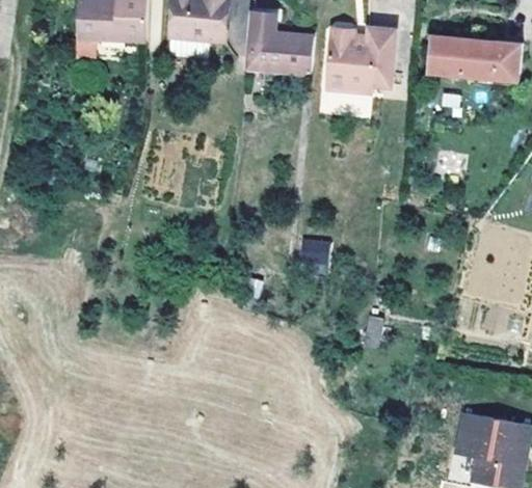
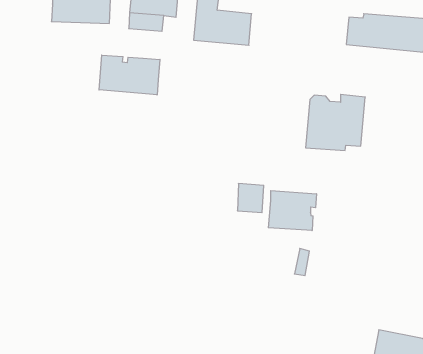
building: [325,26,396,92] -> [306,94,365,150]
building: none -> [99,55,160,95]
building: none -> [268,191,316,231]

